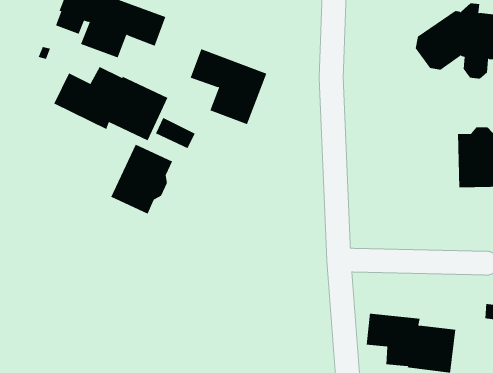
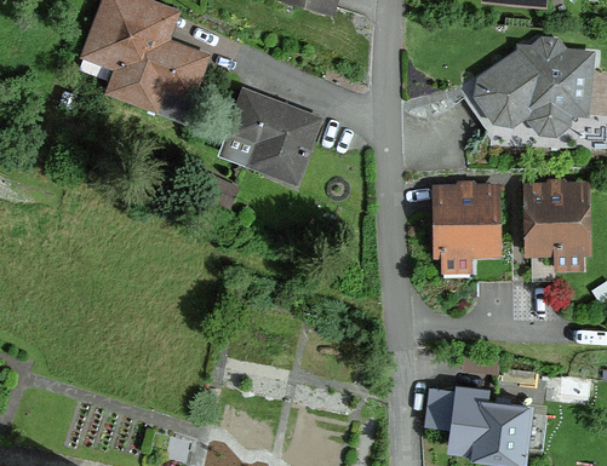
building: [53,66,168,141] -> none
building: none -> [439,186,494,253]
building: [110,144,173,215] -> none

